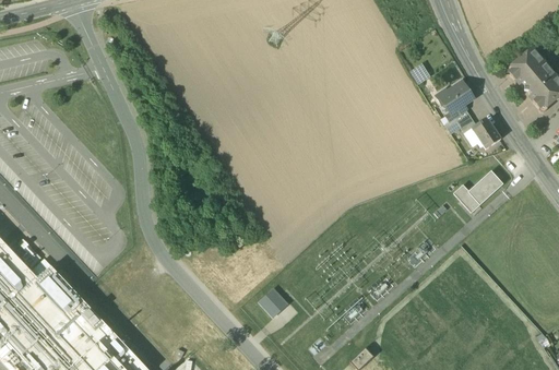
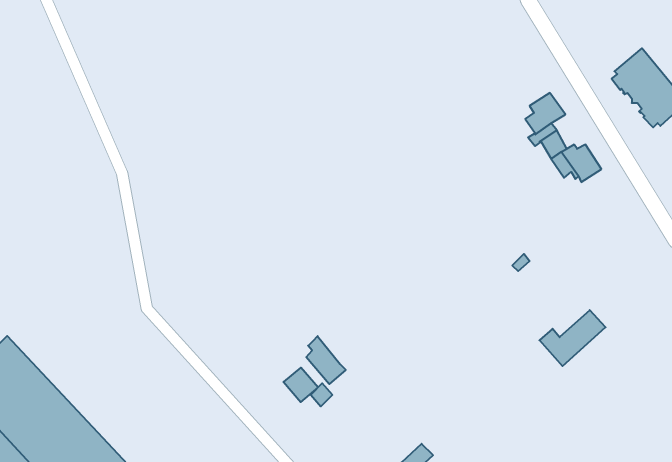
building: [453,170,503,213] -> [539,310,606,366]
building: none -> [306,336,346,384]

